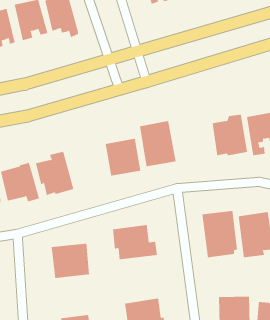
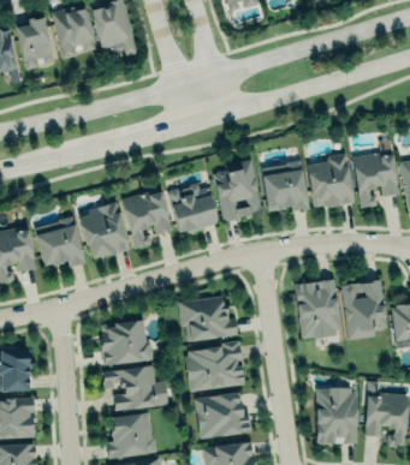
building: none -> [261,160,309,211]
building: none -> [123,190,172,250]
building: none -> [185,340,245,392]
building: none -> [103,366,168,412]

